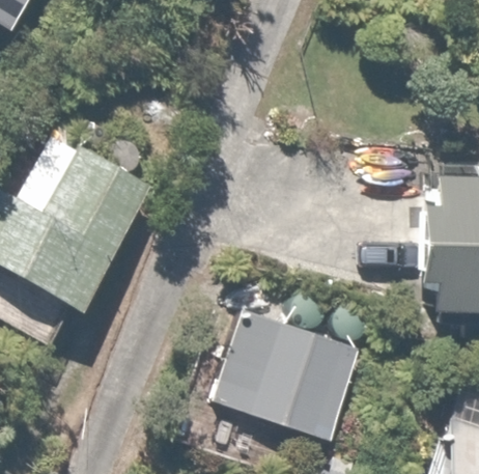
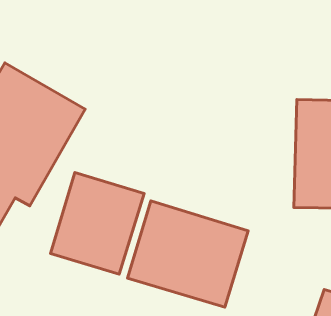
building: none -> [51,172,144,274]

